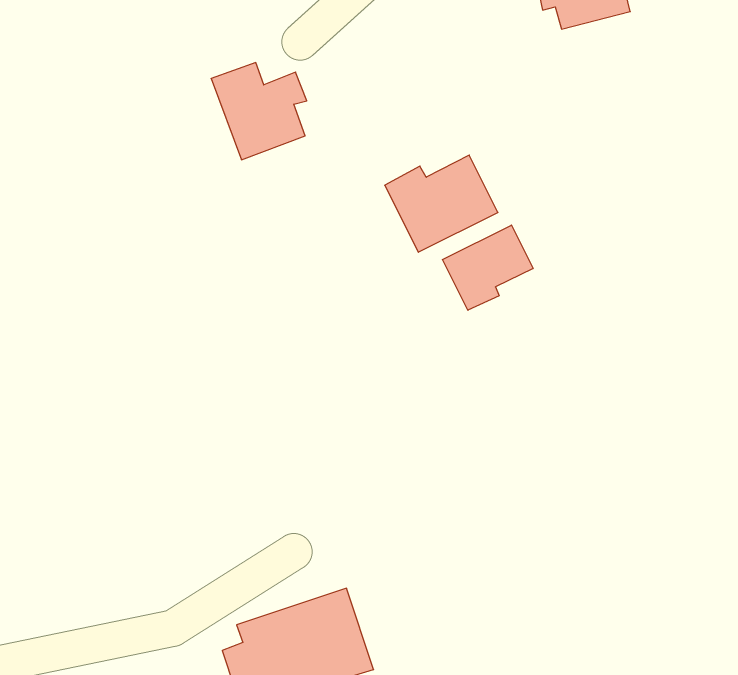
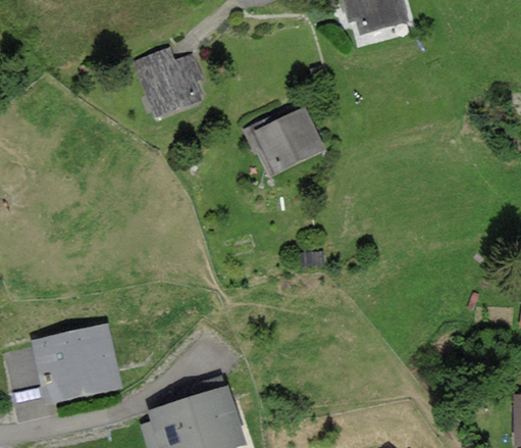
building: [442,225,533,310] -> none
building: none -> [7,328,115,418]

